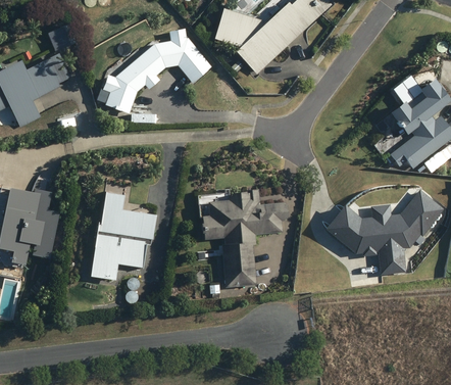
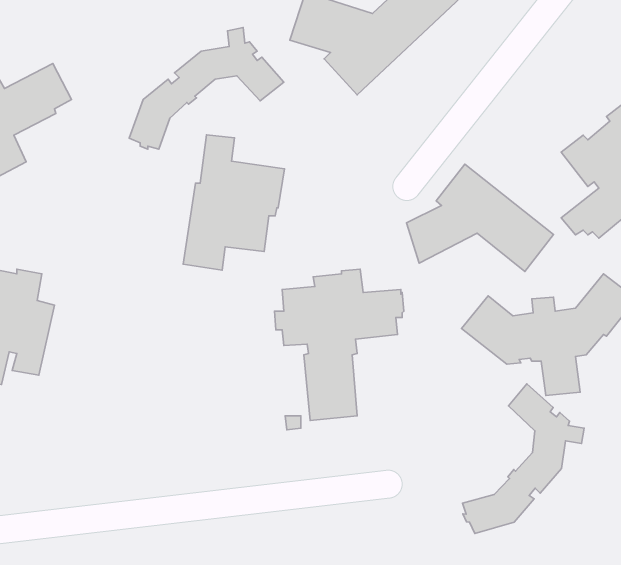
building: none -> [406,164,554,271]
building: [90,191,156,280] -> [183,135,285,270]
building: none -> [463,384,584,533]

